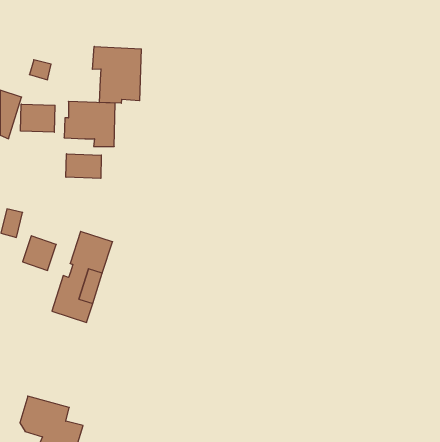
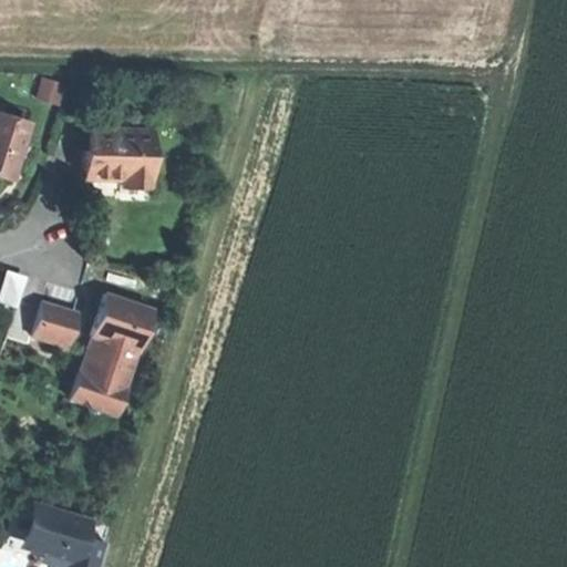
building: [93,46,141,103] -> none
building: [21,104,55,132] -> none
building: [66,154,101,178] -> none

